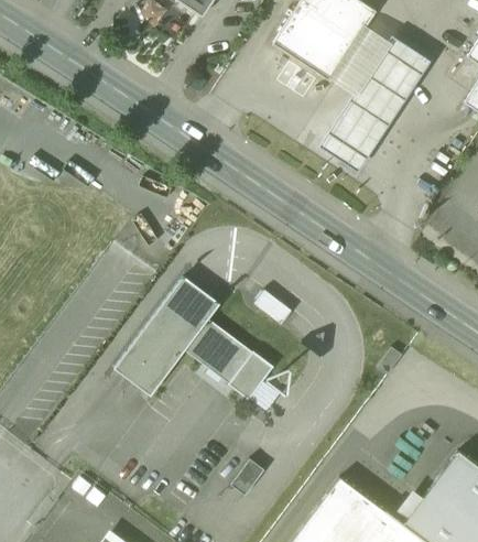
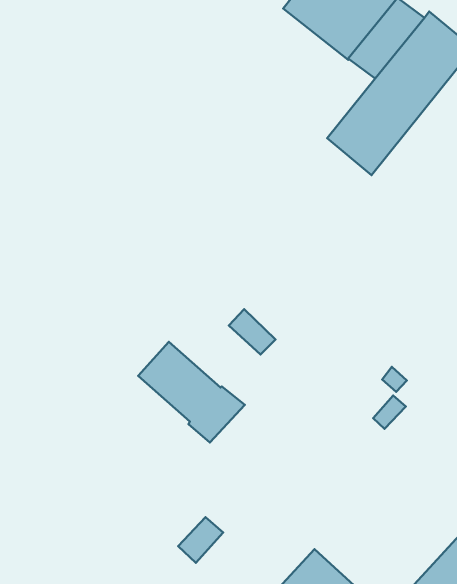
building: [117,279,218,394] -> none

